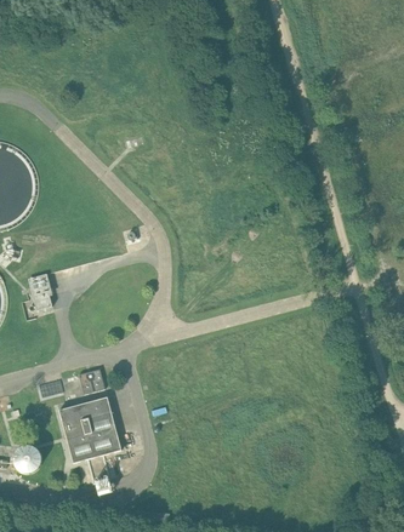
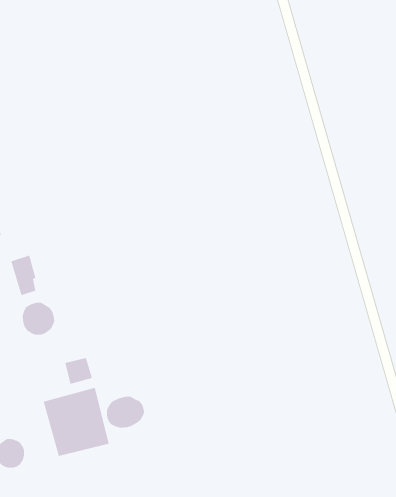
building: none -> [22,302,55,335]
building: none -> [106,396,144,428]

